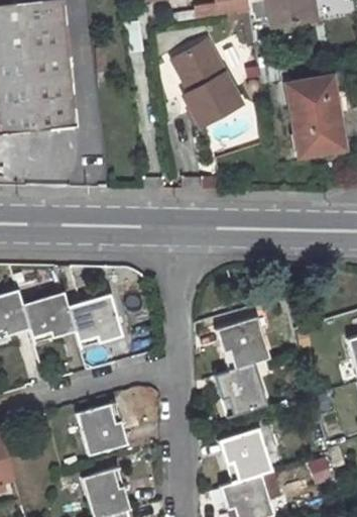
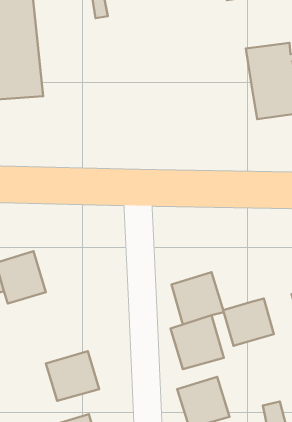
building: [172,40,240,124] -> none
building: [72,294,127,348] -> none
building: none -> [223,299,274,346]

